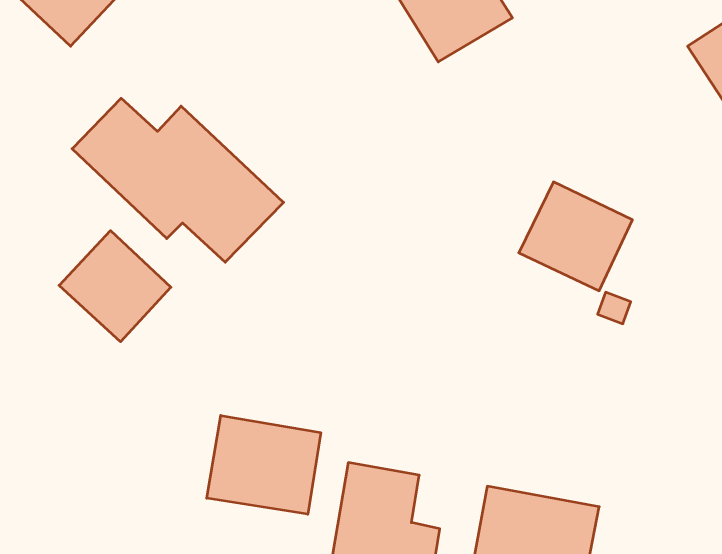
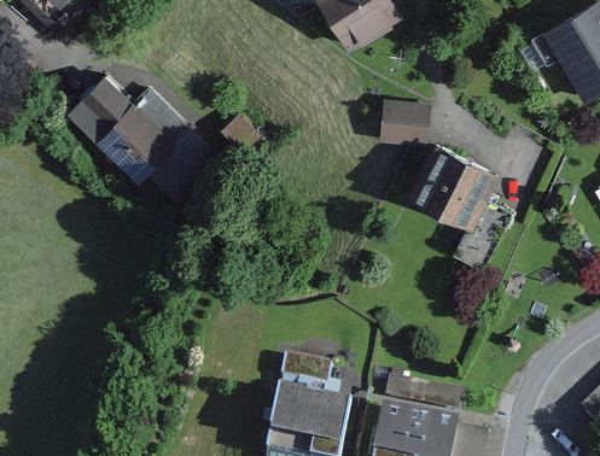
building: none -> [379,97,431,144]
building: [59,231,171,342] -> none
building: [207,415,321,514] -> none

